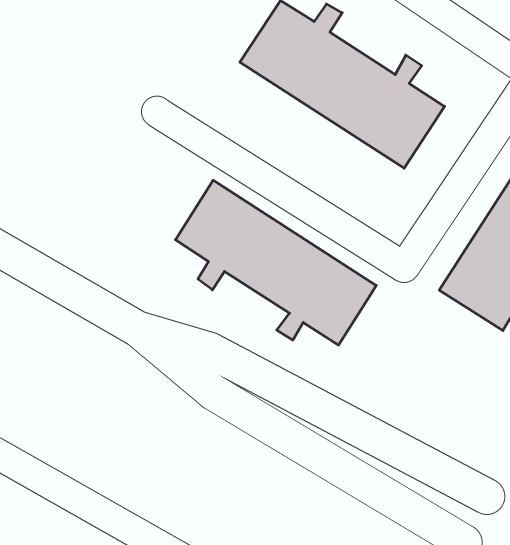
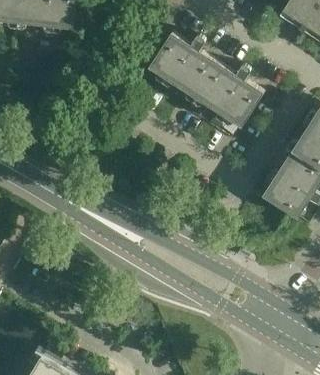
building: [175,180,376,345] -> none

